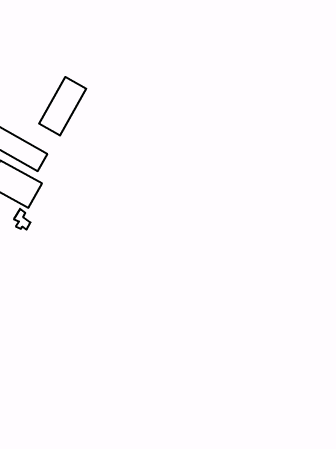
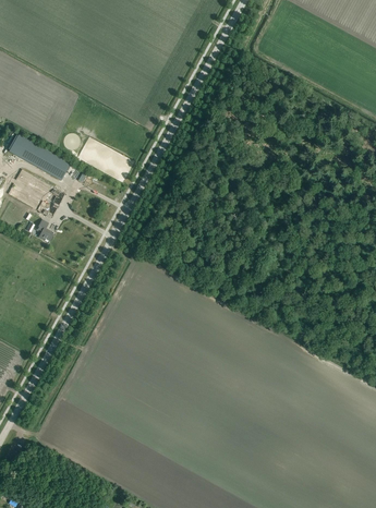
building: [39,77,86,136] -> none

